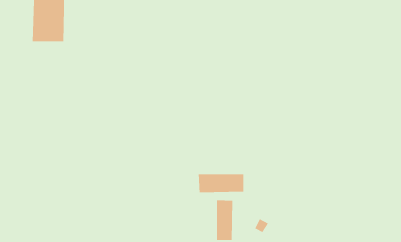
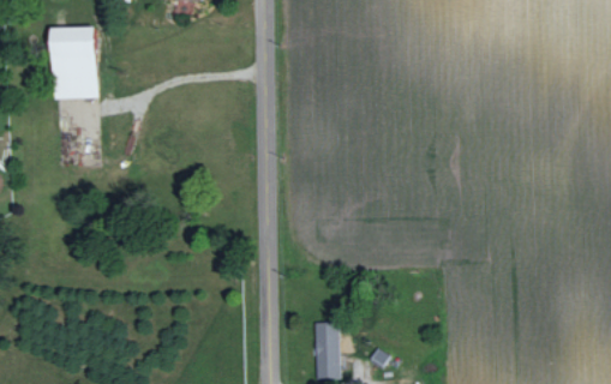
building: [198,173,244,193] -> none

